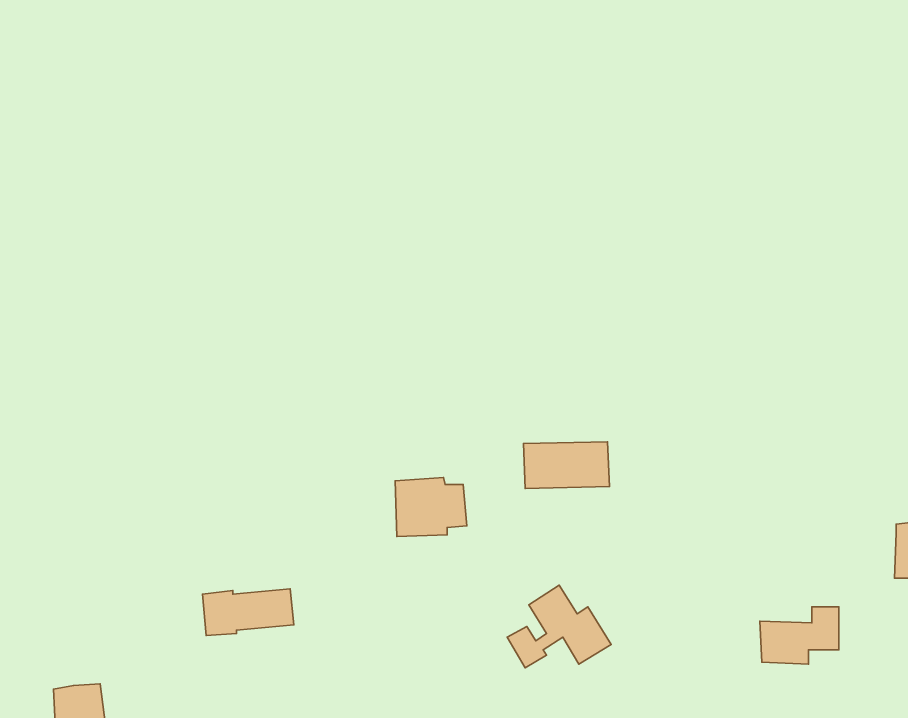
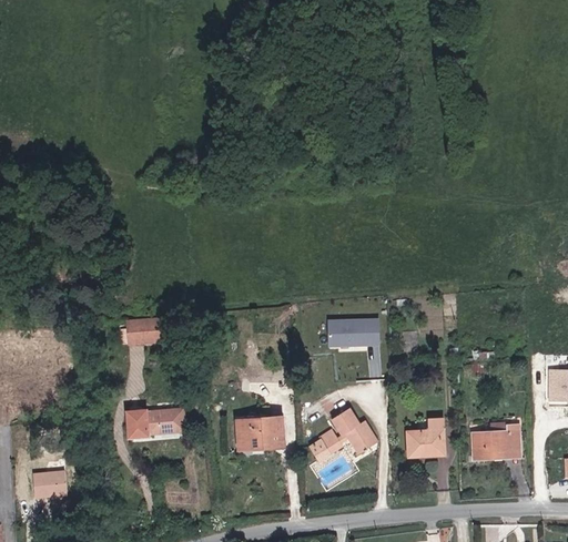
building: none -> [126,320,163,349]
building: [395,477,467,537] -> [239,415,283,451]
building: none -> [406,416,443,456]

